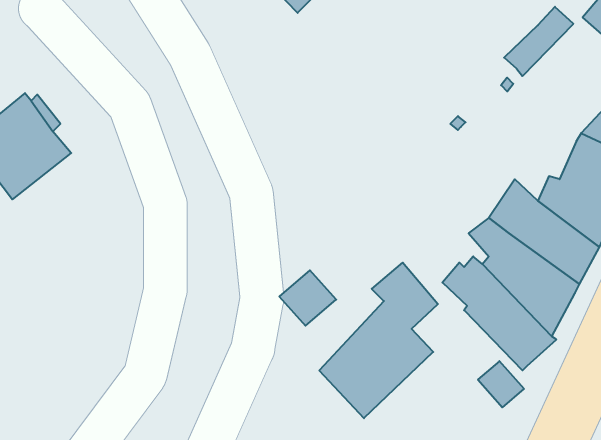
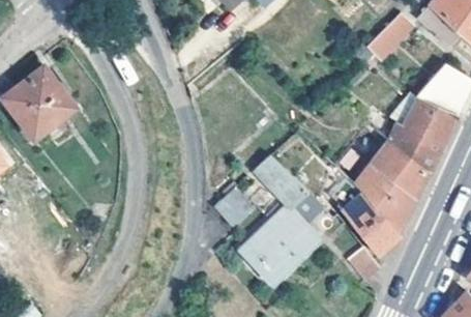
building: none -> [256,155,298,200]

